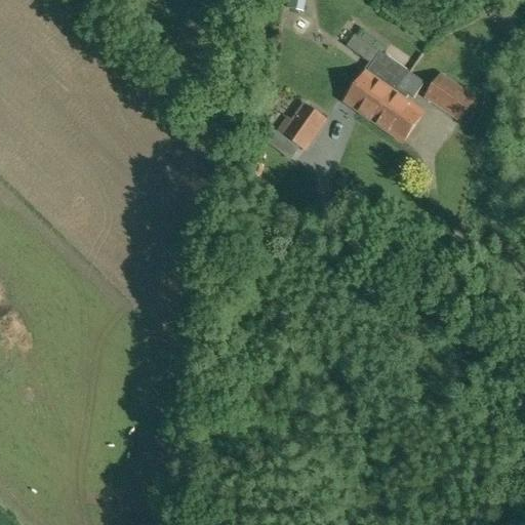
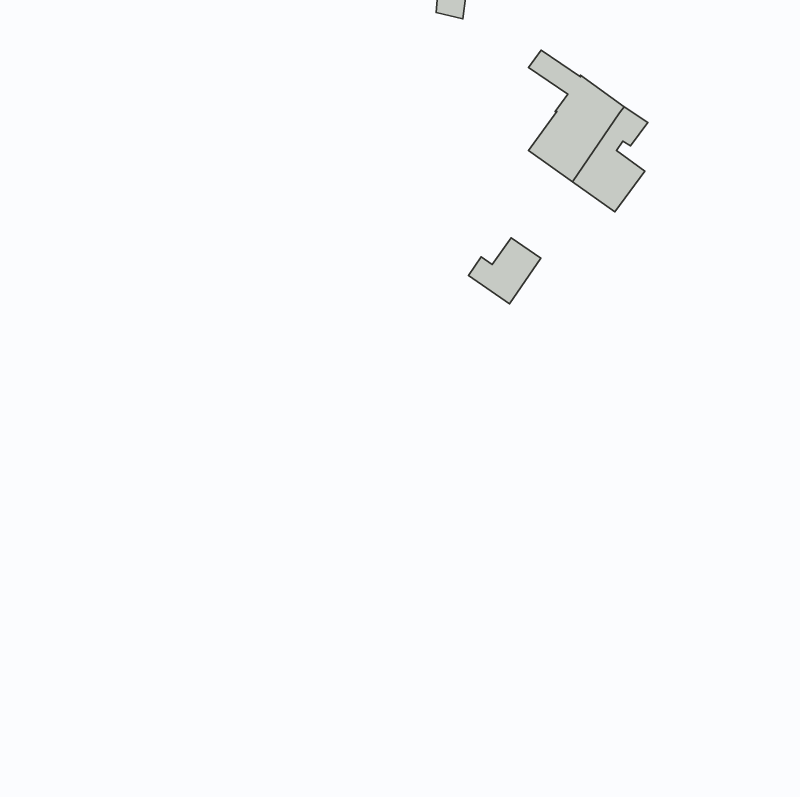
building: [426,74,474,121] -> none
building: [277,104,324,147] -> [469,238,541,304]

